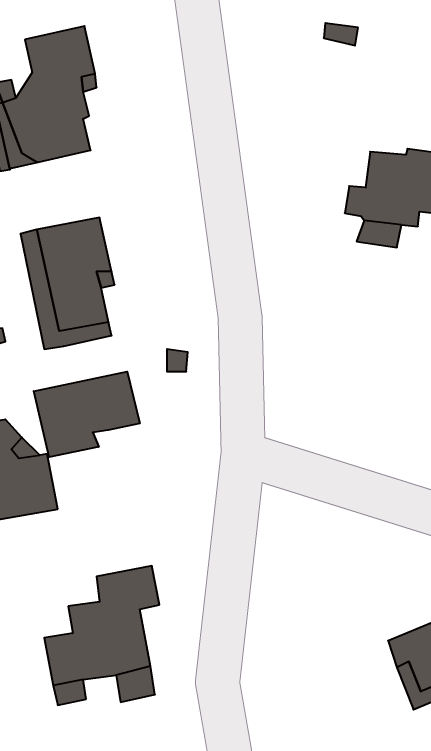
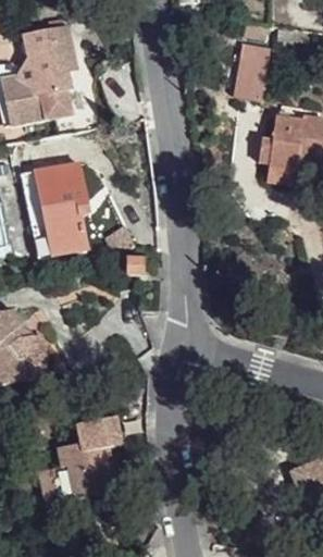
building: none -> [231,39,269,107]
building: [34,372,140,457] -> none

